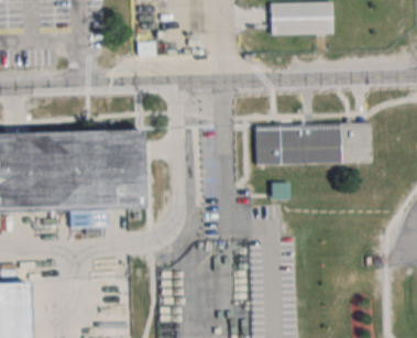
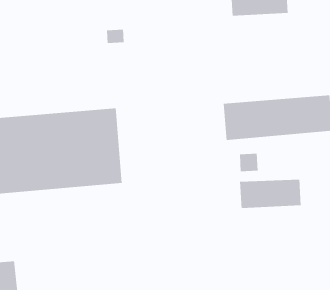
building: none -> [240,179,301,209]

